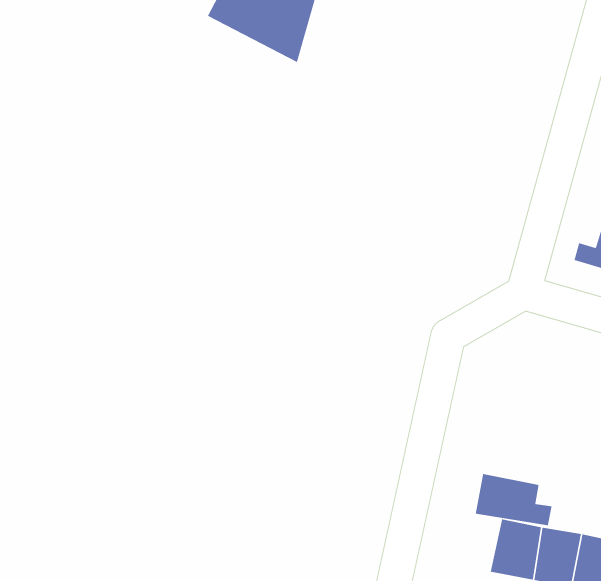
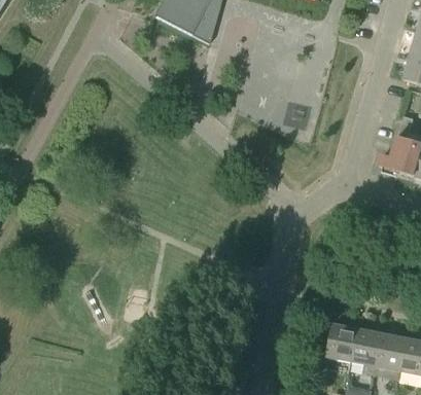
building: [475,473,552,526] -> none

